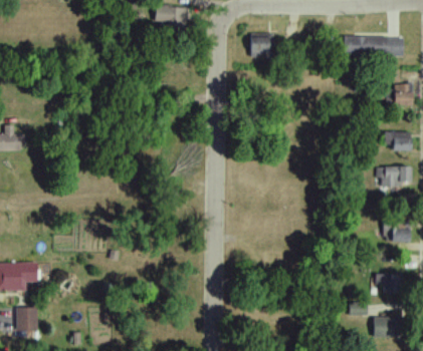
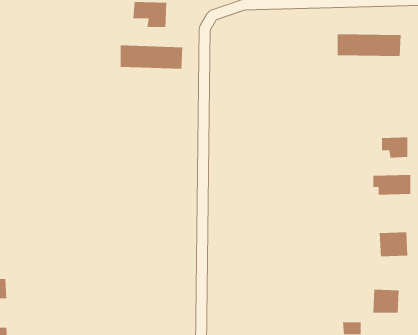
building: [249,33,274,57] -> none
building: none -> [120,45,183,70]
building: [393,83,412,105] -> none

